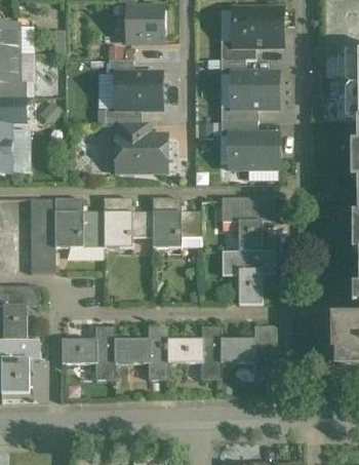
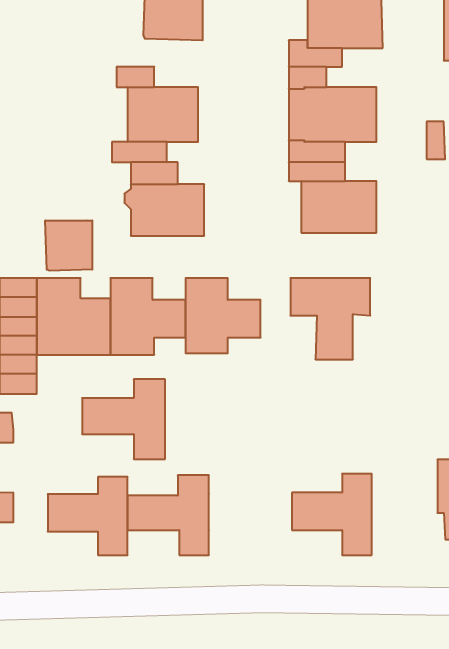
building: none -> [45,220,92,271]
building: [222,250,275,304] -> none
building: [168,326,223,379] -> [82,379,165,459]

